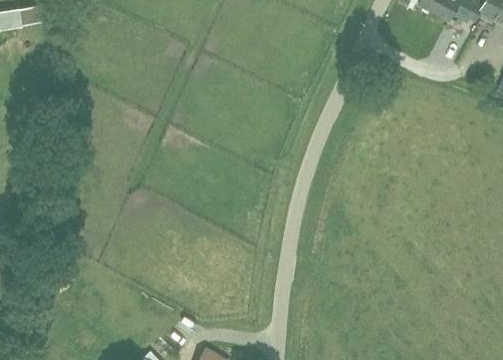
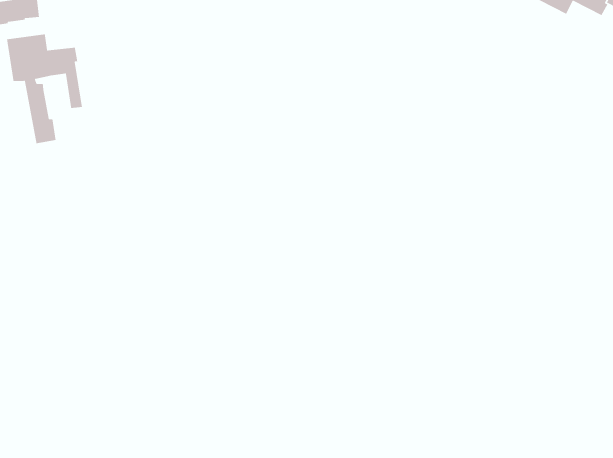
building: none -> [6,34,83,144]

